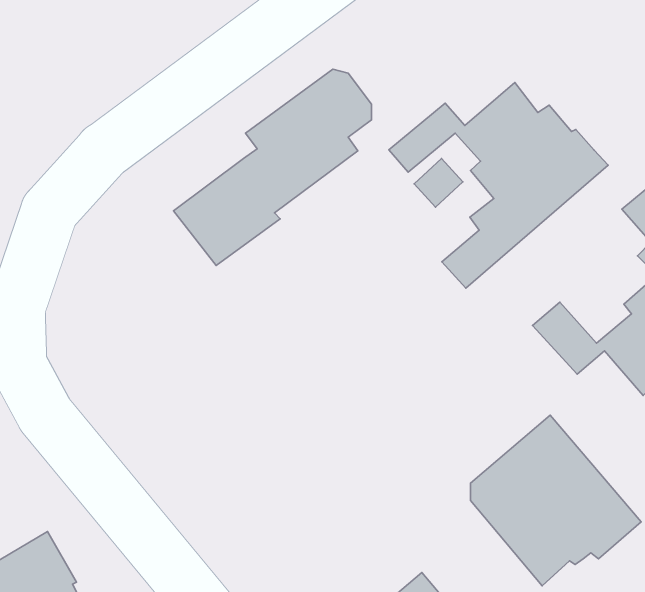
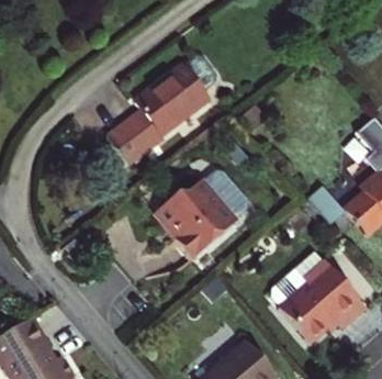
building: [389,83,608,288] -> none
building: none -> [155,172,247,259]

